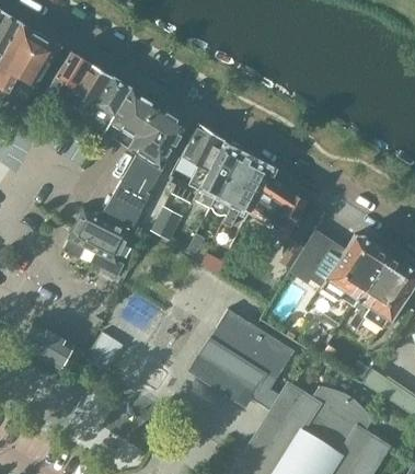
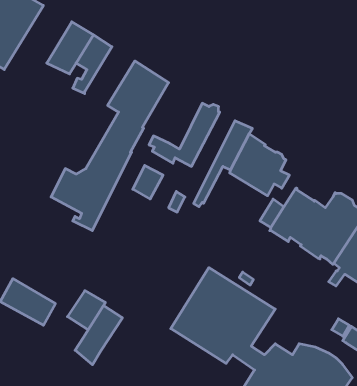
building: [46,51,90,99] -> none
building: [103,88,153,147] -> none
building: [181,124,224,190] -> none
building: [205,153,254,221] -> none
building: none -> [75,305,122,365]

